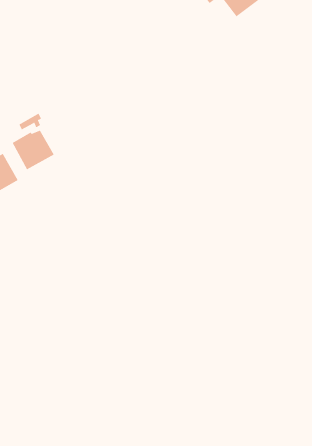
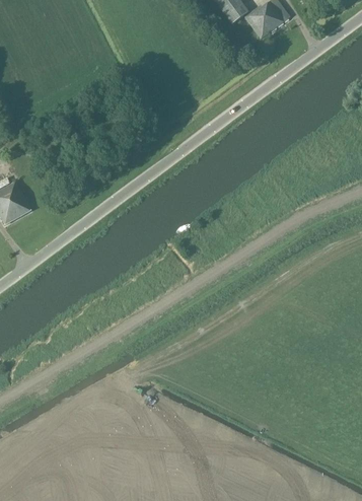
building: [12,130,54,170] -> none

